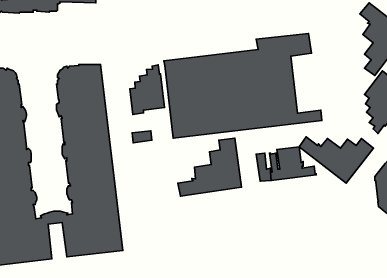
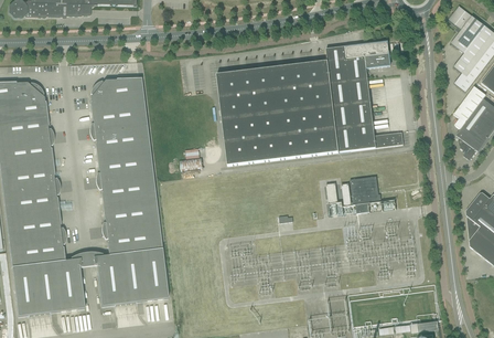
building: [130,65,165,115] -> none
building: [299,137,373,183] -> none
building: [178,138,241,196] -> none

